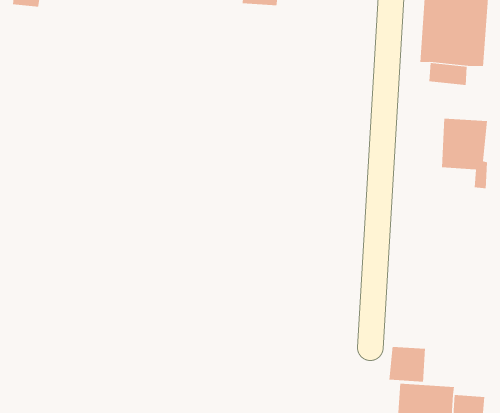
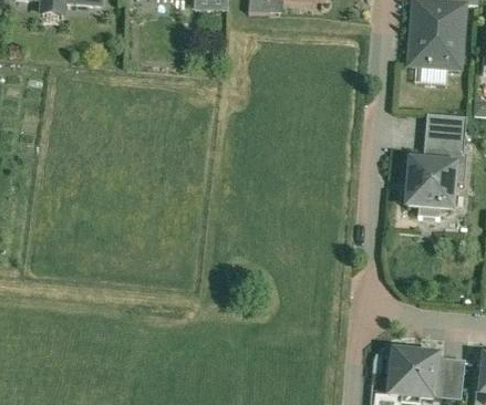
building: none -> [401,155,453,208]
building: [389,346,425,383] -> none

